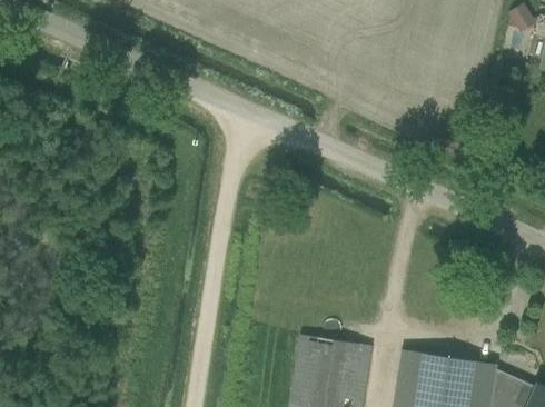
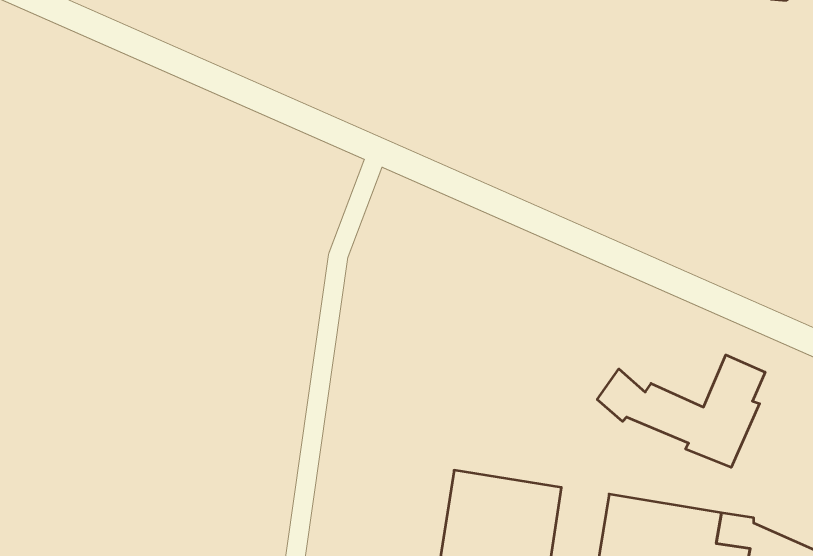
building: none -> [597,355,765,467]

